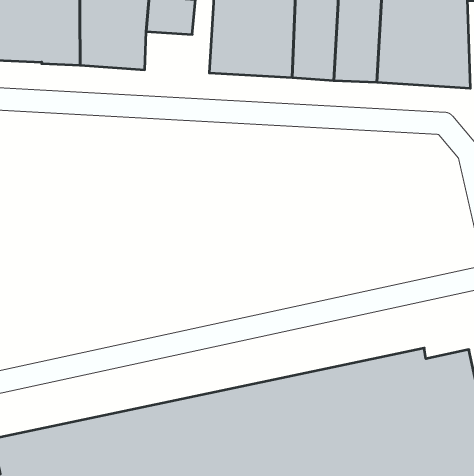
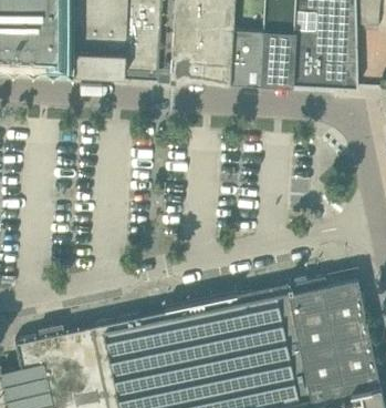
building: none -> [124,51,158,80]

